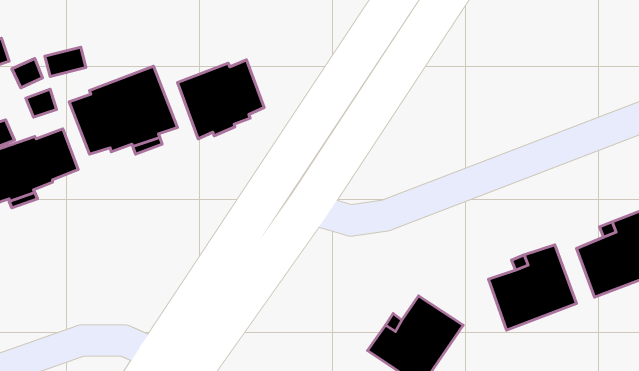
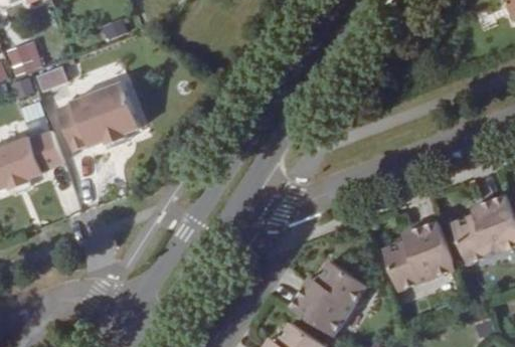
building: none -> [5,40,41,74]
building: [178,60,264,139] -> none

